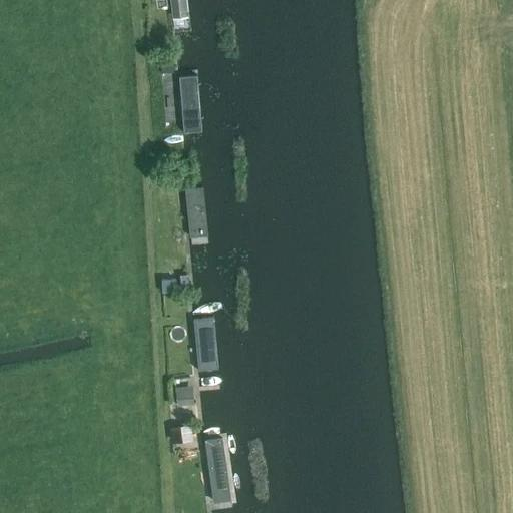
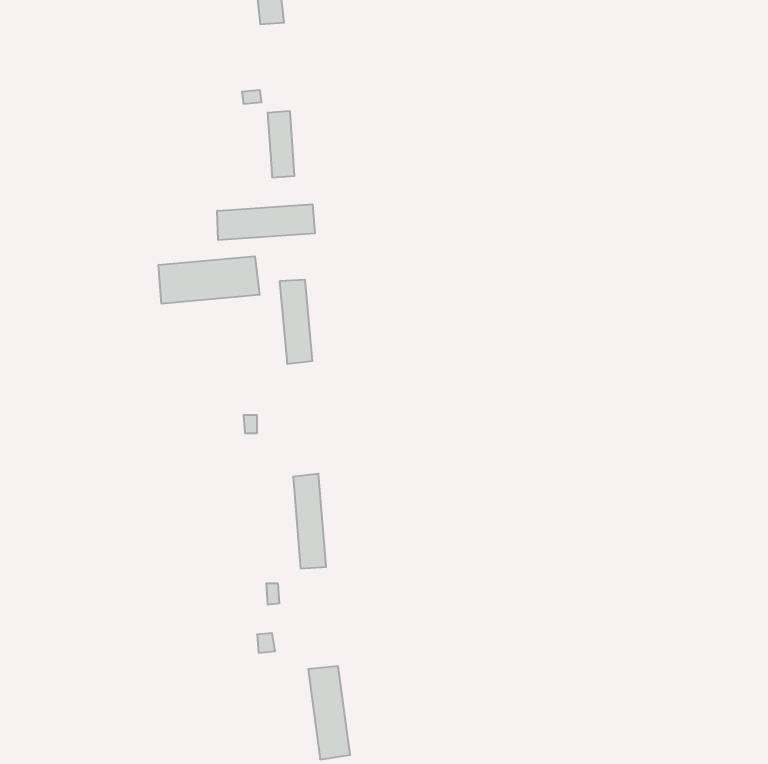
building: none -> [217,204,315,240]
building: none -> [159,256,259,304]

